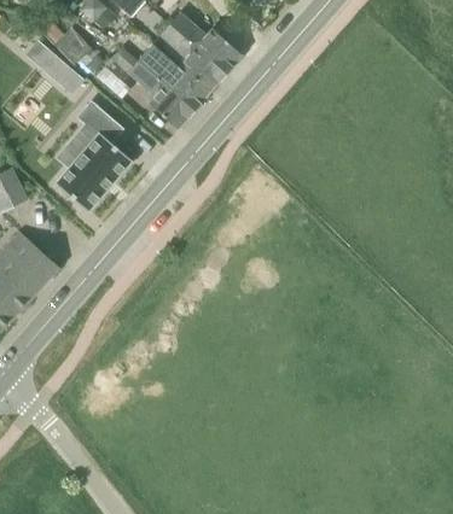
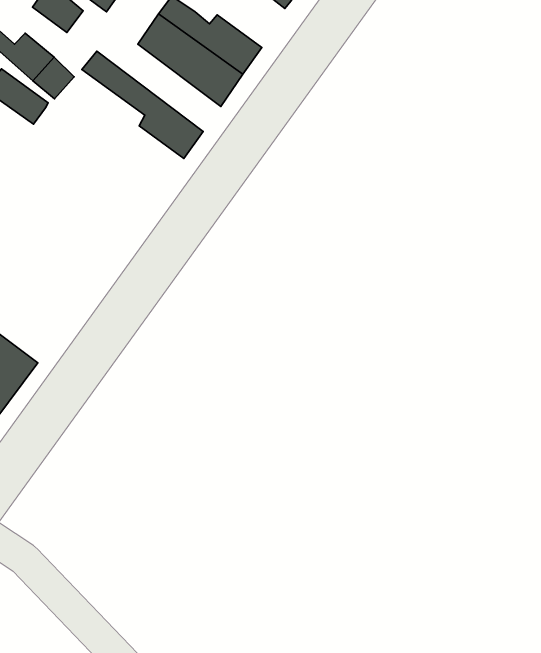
building: [122,40,208,110] -> none
building: [56,101,132,210] -> none

